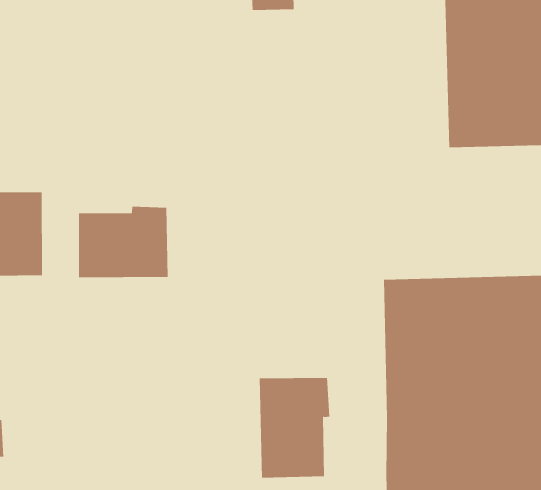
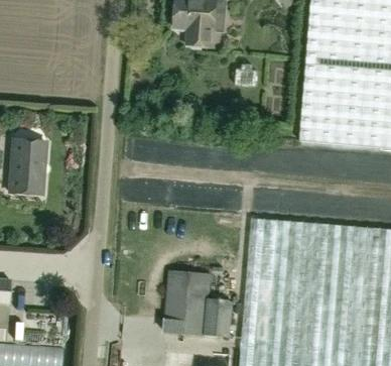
building: [79,206,168,278] -> none
building: none -> [204,300,233,339]

